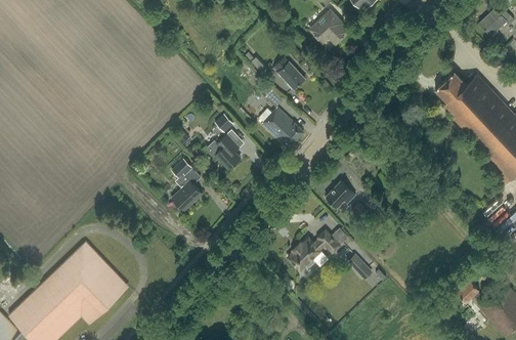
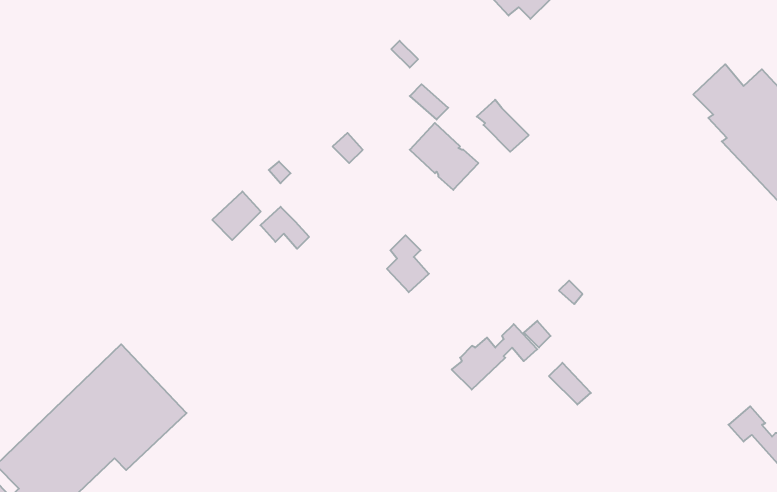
building: [273,57,305,89] -> [477,100,529,152]
building: [215,135,241,170] -> [387,235,429,292]
building: [172,181,202,211] -> [212,191,261,240]
building: [326,181,355,208] -> none

